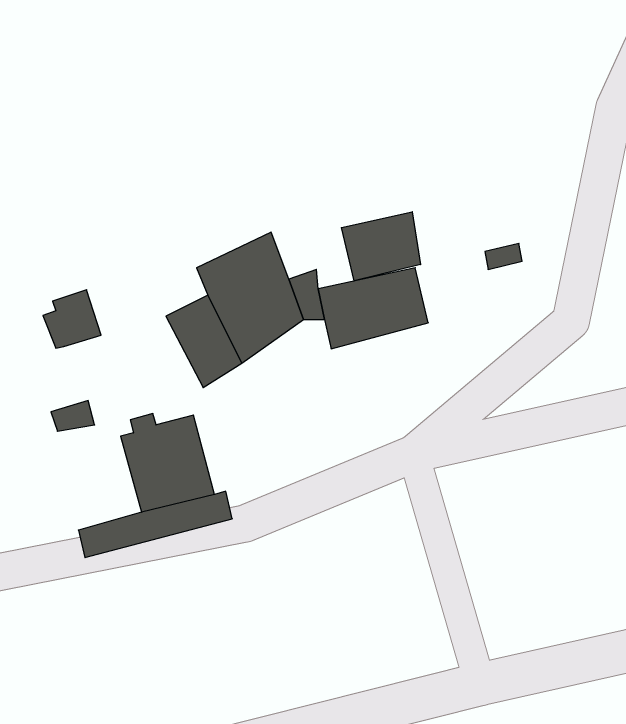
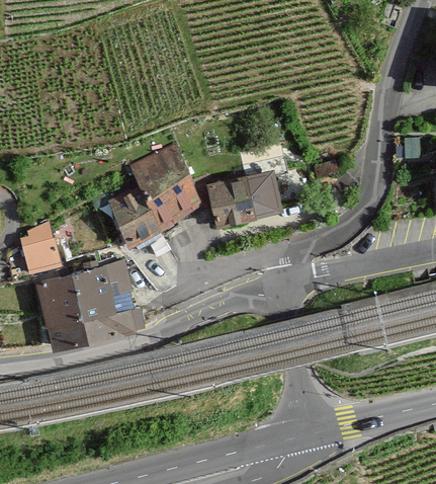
building: [341,212,421,281] -> none
building: [43,290,101,348] -> [22,226,59,262]
building: none -> [38,276,92,336]

